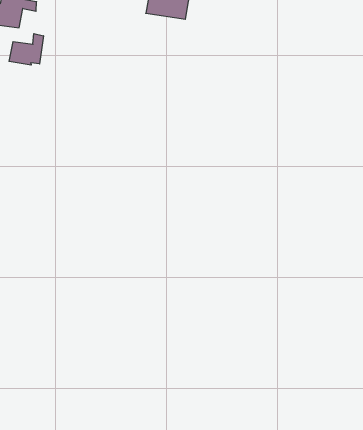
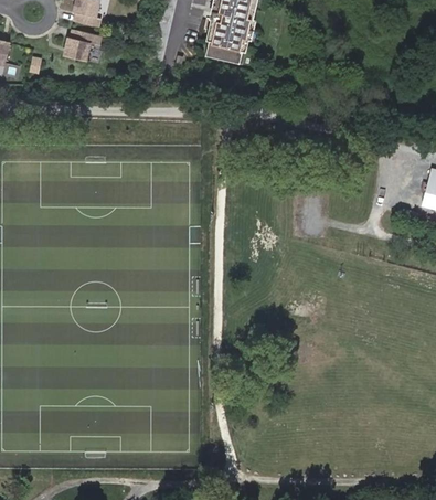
building: [9,34,43,65] -> none

